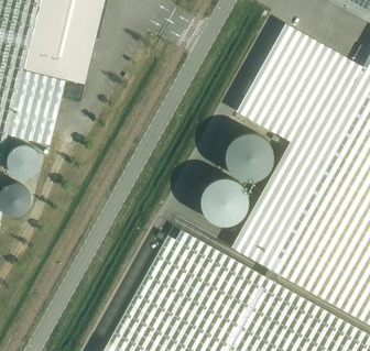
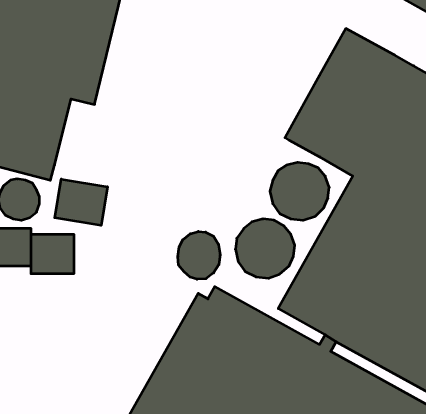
building: none -> [55,179,107,225]
building: none -> [178,231,220,279]
building: none -> [31,234,74,274]

